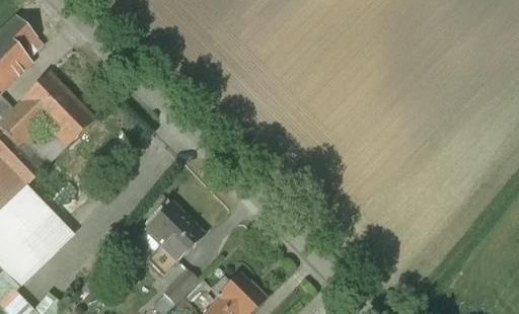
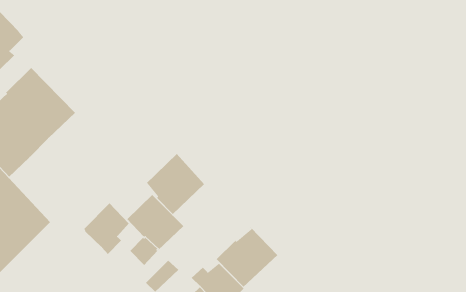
building: none -> [145,153,205,215]
building: none -> [83,203,130,255]
building: none -> [216,227,278,287]

